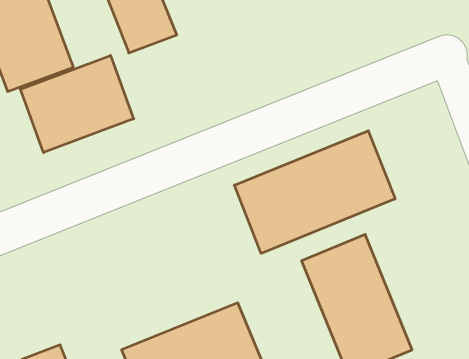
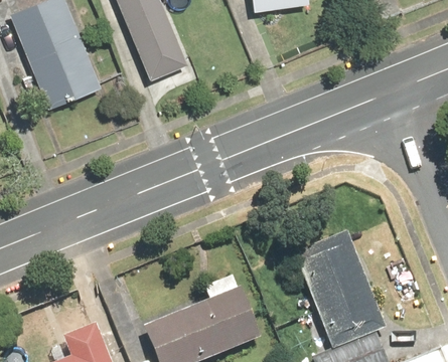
building: [20,55,134,153] -> none
building: [234,131,395,253] -> none

